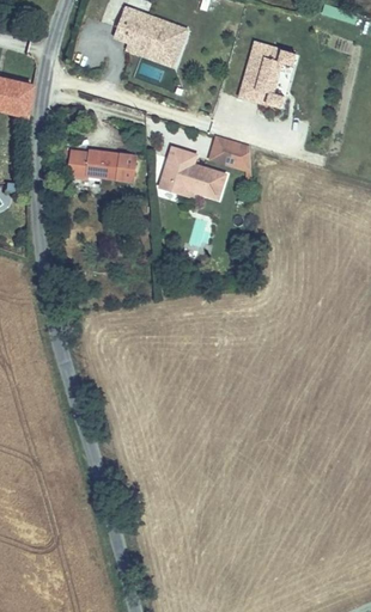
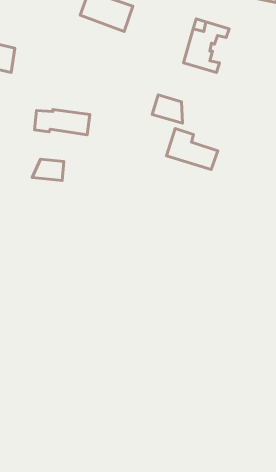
building: [129,26,191,67] -> none
building: [156,148,219,198] -> [166,129,218,169]
building: none -> [32,159,64,180]

